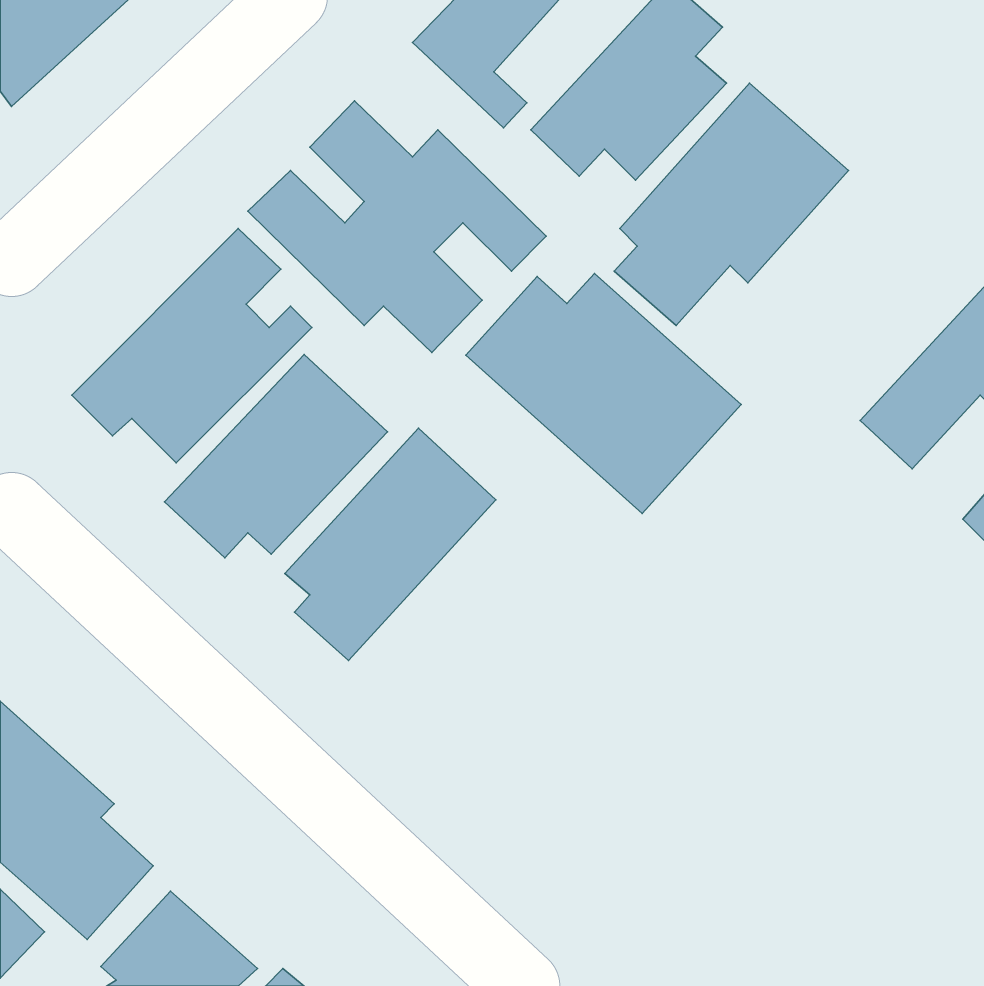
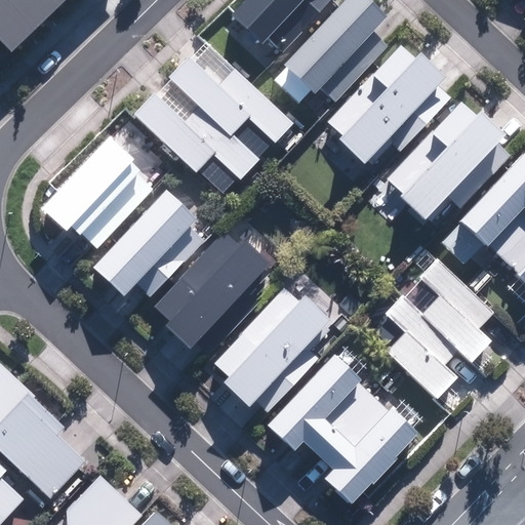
building: none -> [386,102,515,224]
building: [466,274,741,513] -> none
building: none -> [383,255,496,396]
building: none -> [207,285,331,410]
building: none -> [267,357,416,504]

